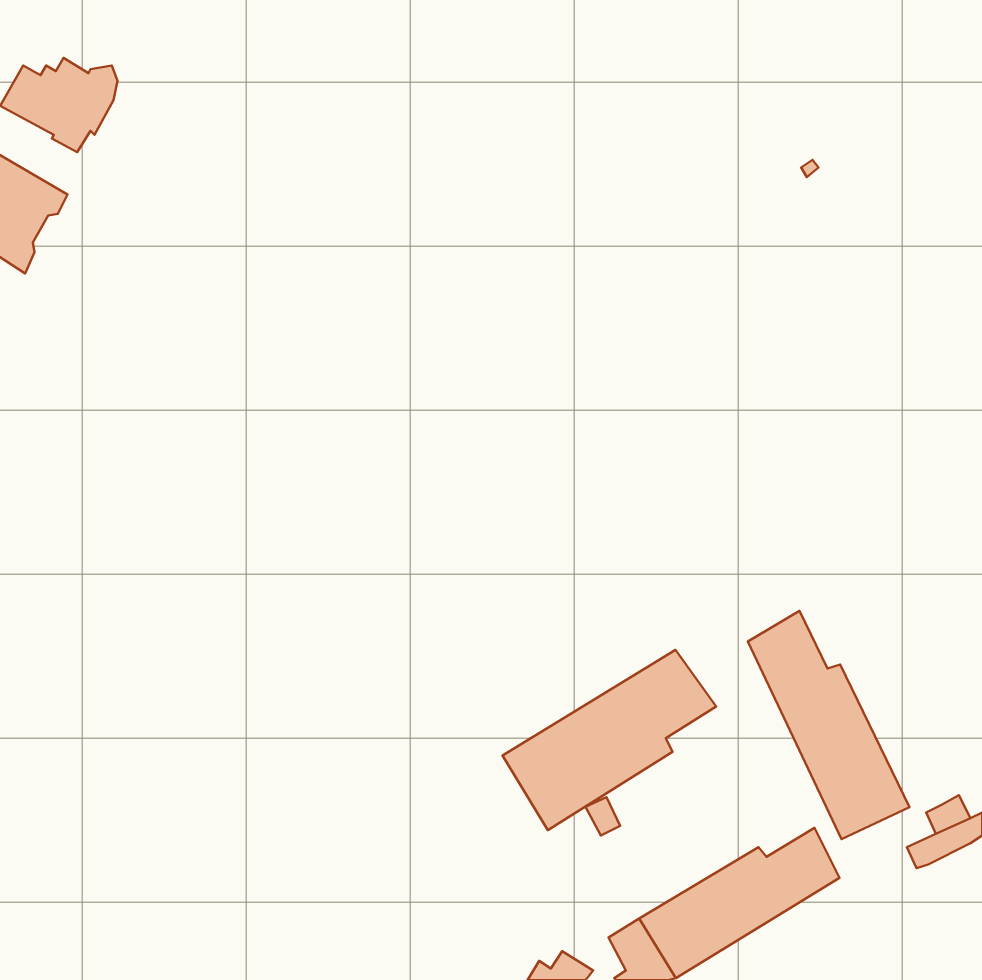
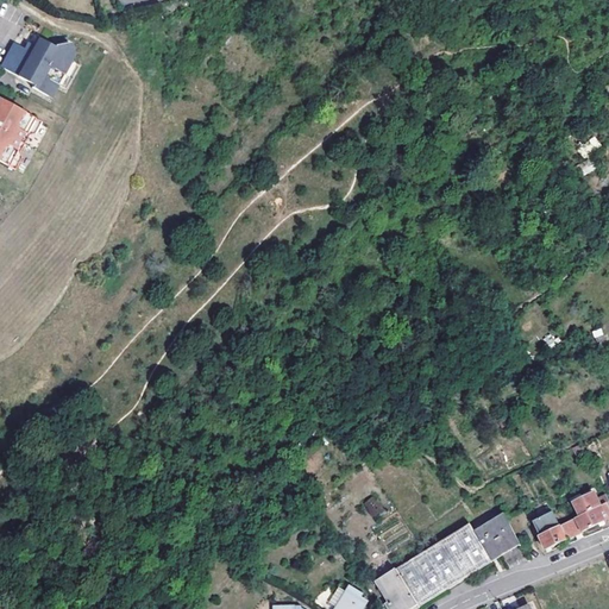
building: [748,611,909,839] -> none
building: [502,650,716,830] -> none
building: none -> [532,510,566,548]

